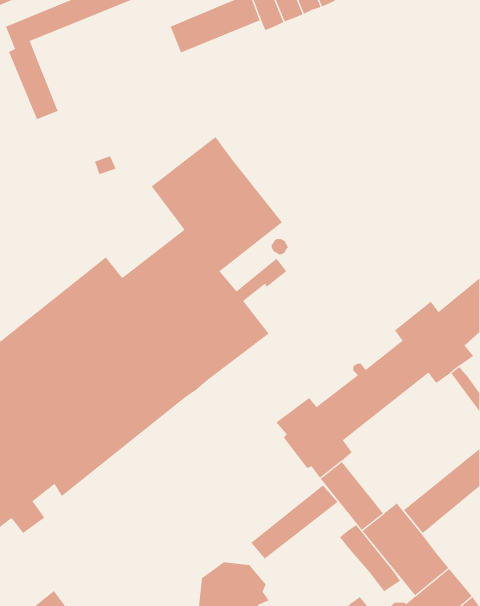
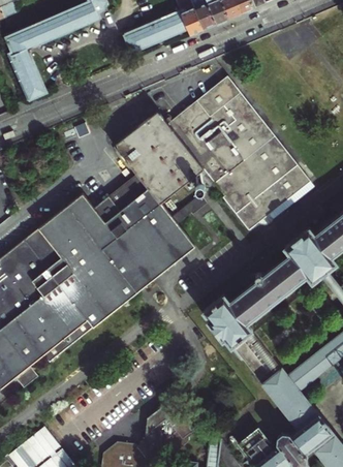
building: none -> [168,79,309,229]
building: [250,484,338,560] -> none
building: [339,524,401,592] -> none

